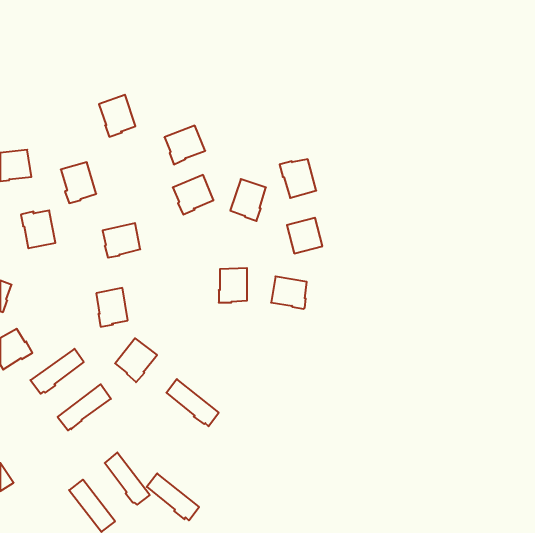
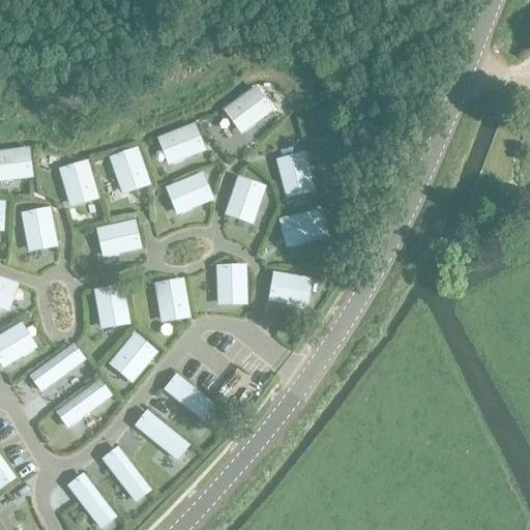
building: none -> [229,87,270,129]
building: [99,95,135,137] -> [110,147,146,188]
building: none -> [155,278,187,317]
building: [147,473,199,520] -> [136,411,187,458]

